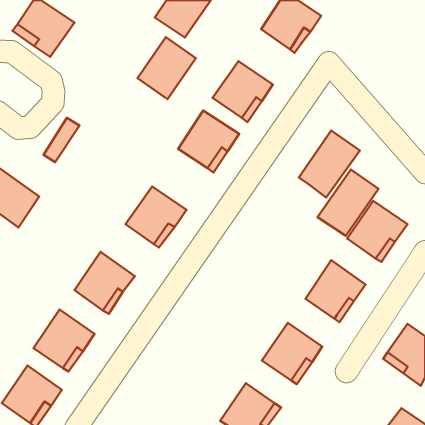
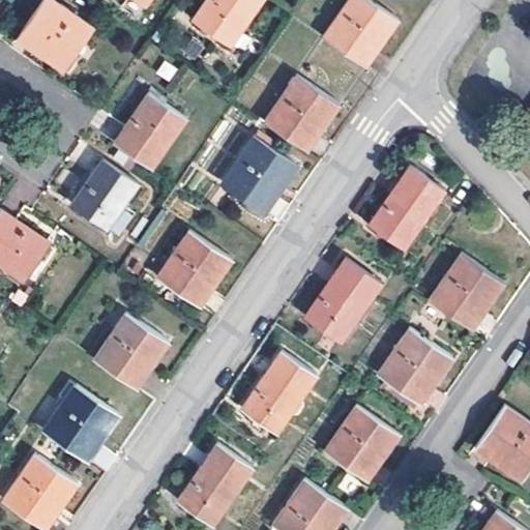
building: [137,37,196,99] -> [113,95,185,172]
building: none -> [70,163,136,232]
building: [317,170,378,236] -> [304,258,380,340]
building: none -> [240,350,316,433]
building: none -> [177,442,252,524]

